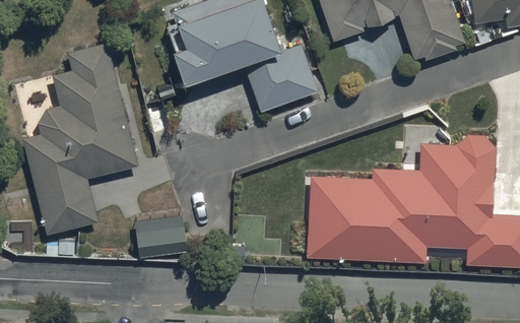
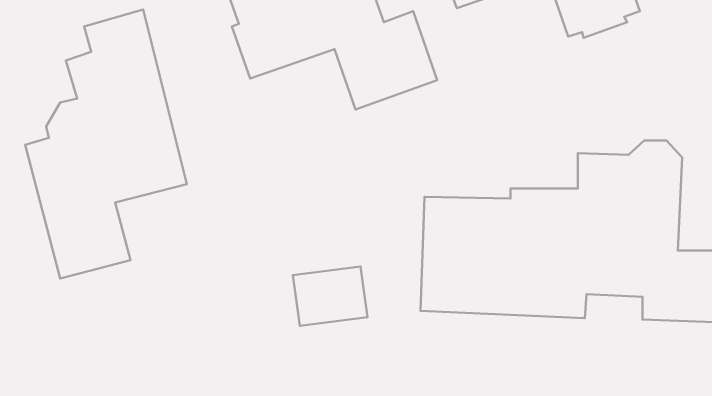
building: [133,214,187,257] -> [293,267,367,326]

